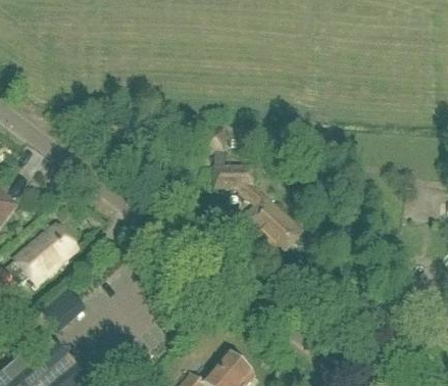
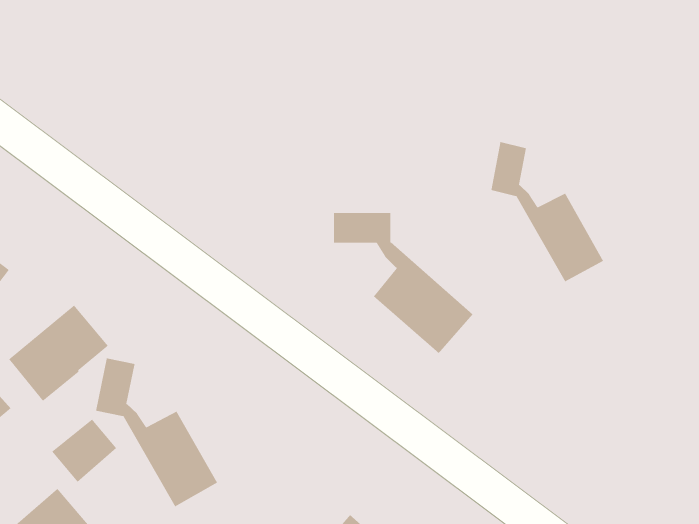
building: none -> [491,141,604,282]
building: none -> [95,358,218,507]

